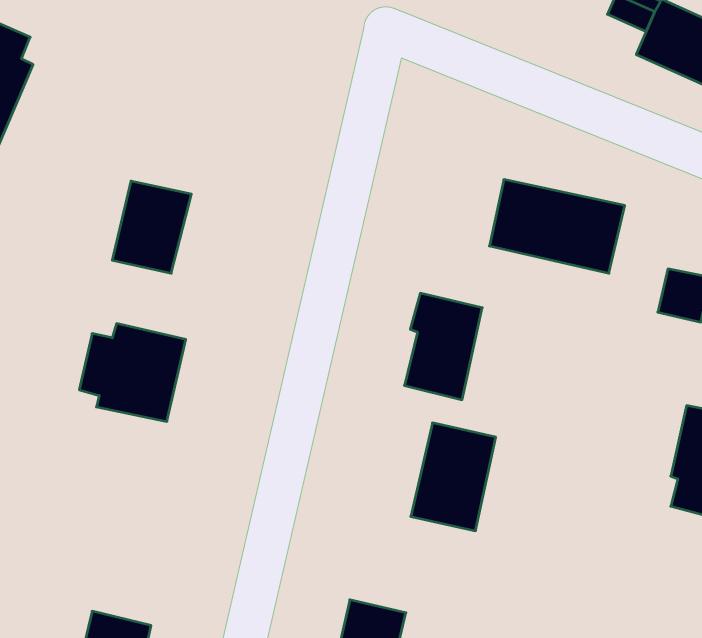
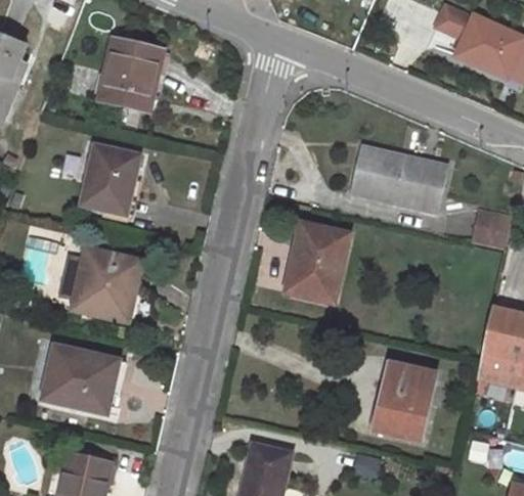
building: none -> [100,39,164,109]
building: [411,423,496,531] -> [376,364,436,441]
building: none -> [44,346,114,411]

